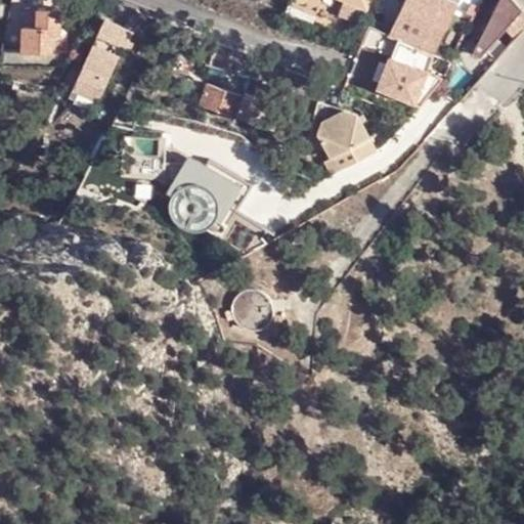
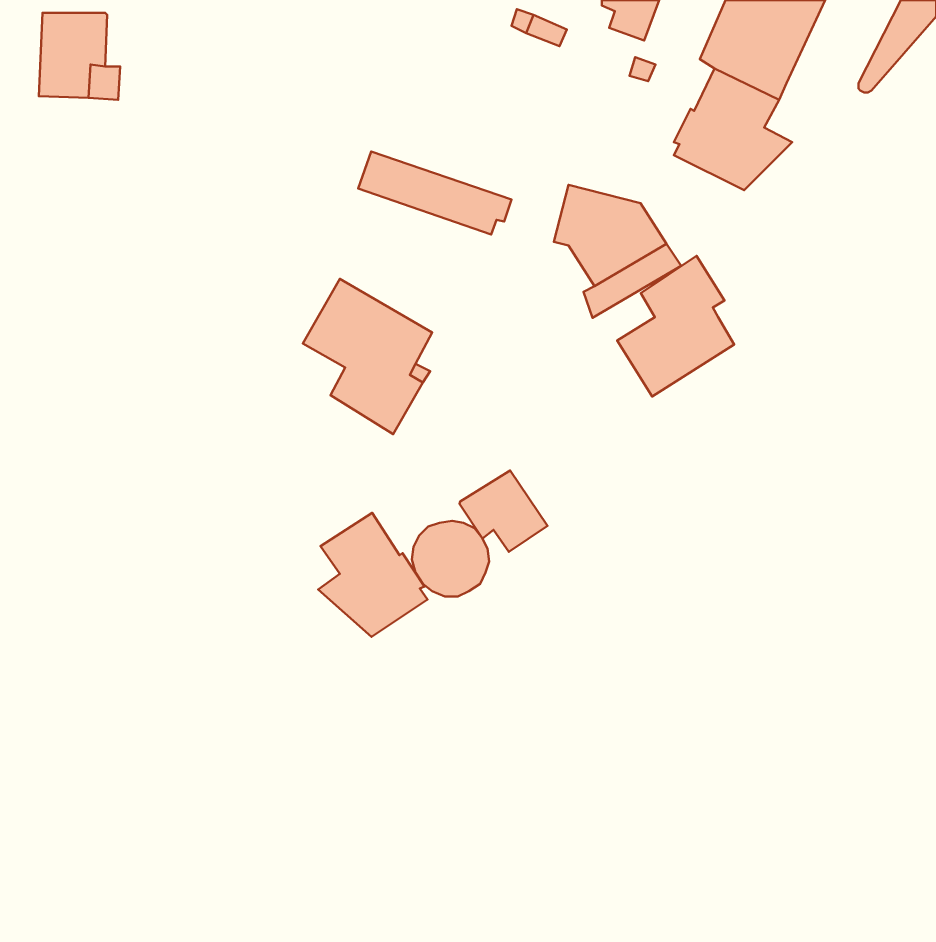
building: [70,20,131,104] -> none
building: none -> [617,256,734,397]
building: none -> [459,471,548,552]
building: none -> [318,513,427,637]

